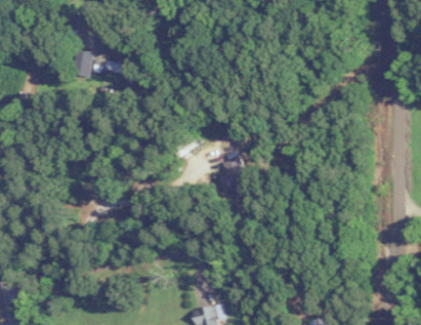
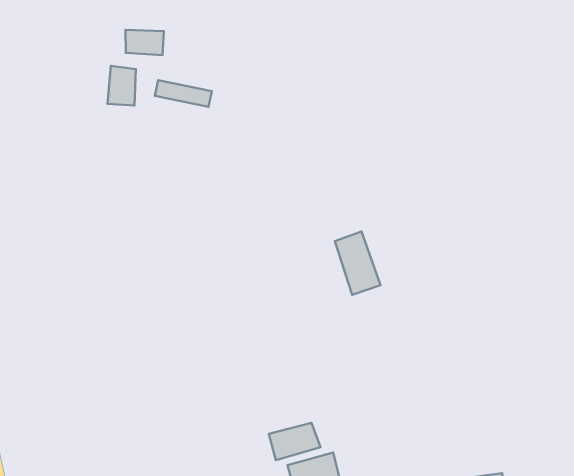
building: none -> [126,30,164,55]
building: none -> [269,423,320,460]

